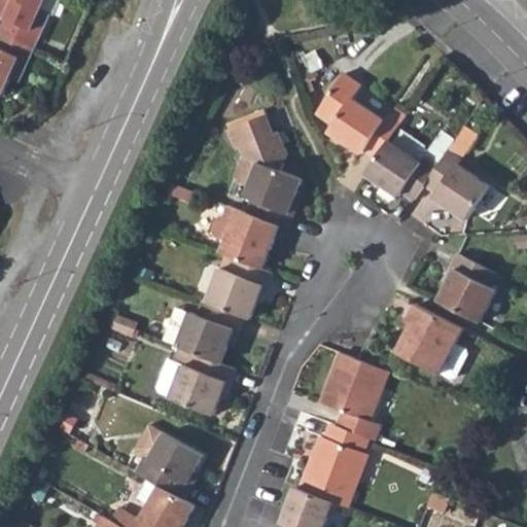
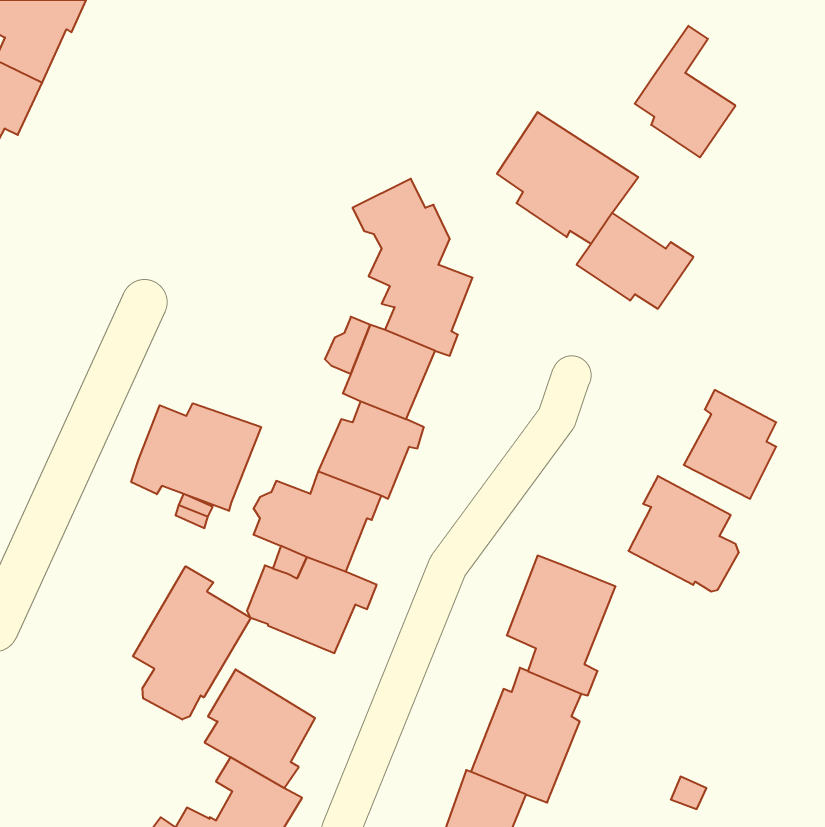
building: [426,135,490,218] -> [635,26,735,157]
building: none -> [131,403,261,511]
building: none -> [133,566,251,720]

